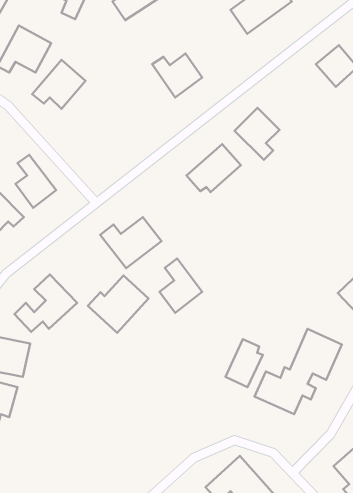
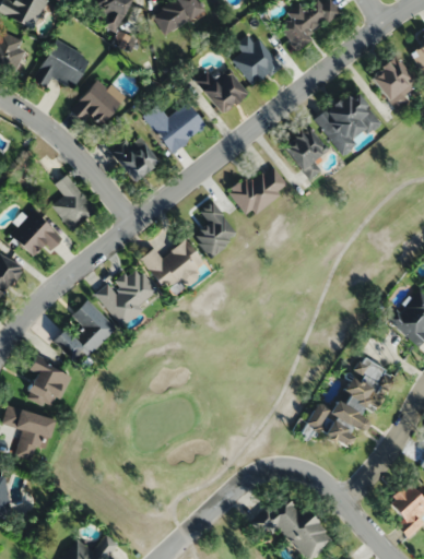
building: none -> [235,39,279,85]
building: none -> [315,90,381,155]
building: none -> [143,104,207,154]
building: none -> [110,132,160,182]
building: [159,259,202,313] -> [193,201,238,258]
building: [88,275,148,333] -> [95,265,158,325]
building: [225,339,263,387] -> none

